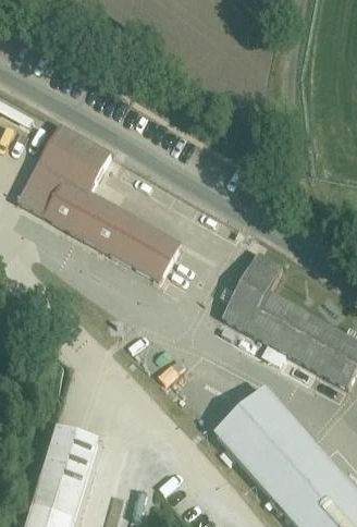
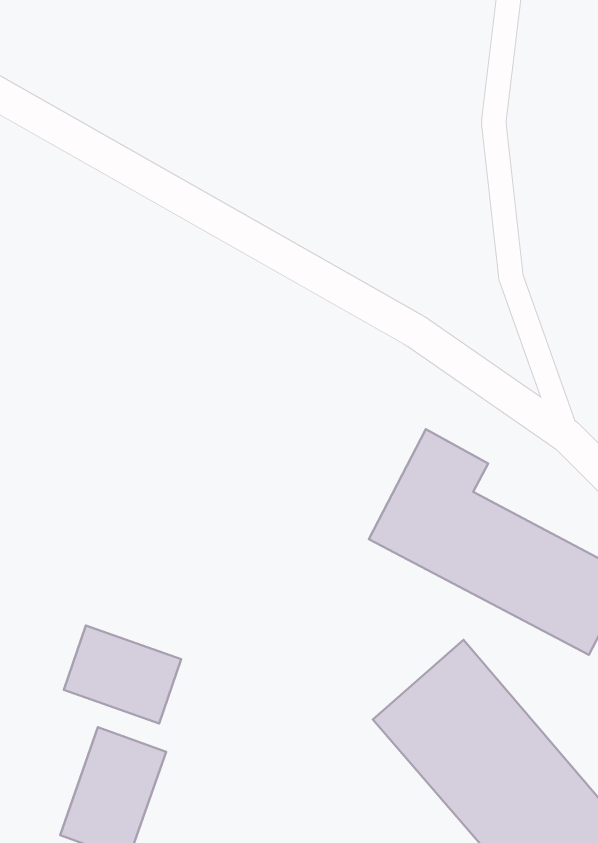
building: [22,139,172,281] -> none
building: none -> [64,626,181,723]

